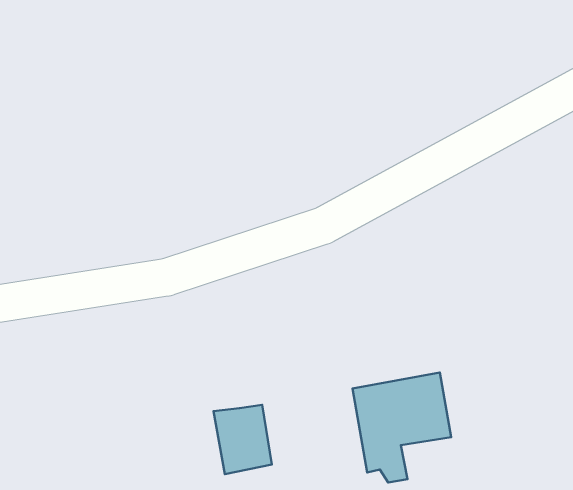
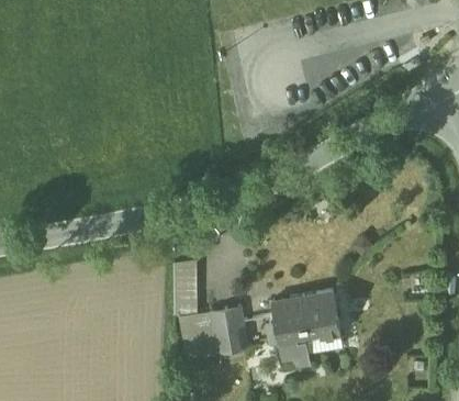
building: none -> [175,260,197,318]
building: none -> [212,307,247,353]

